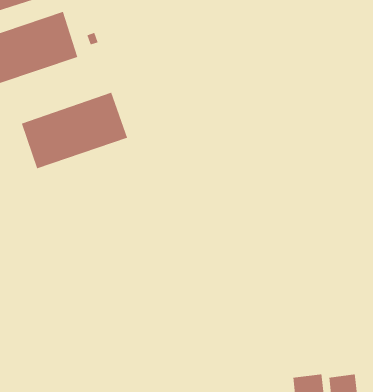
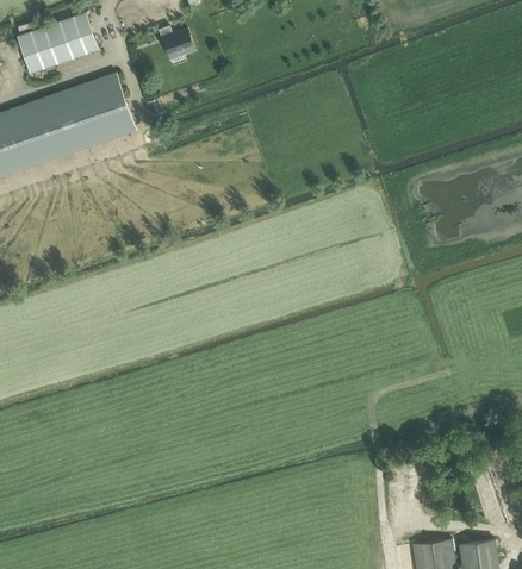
building: [21,92,128,169] -> none

